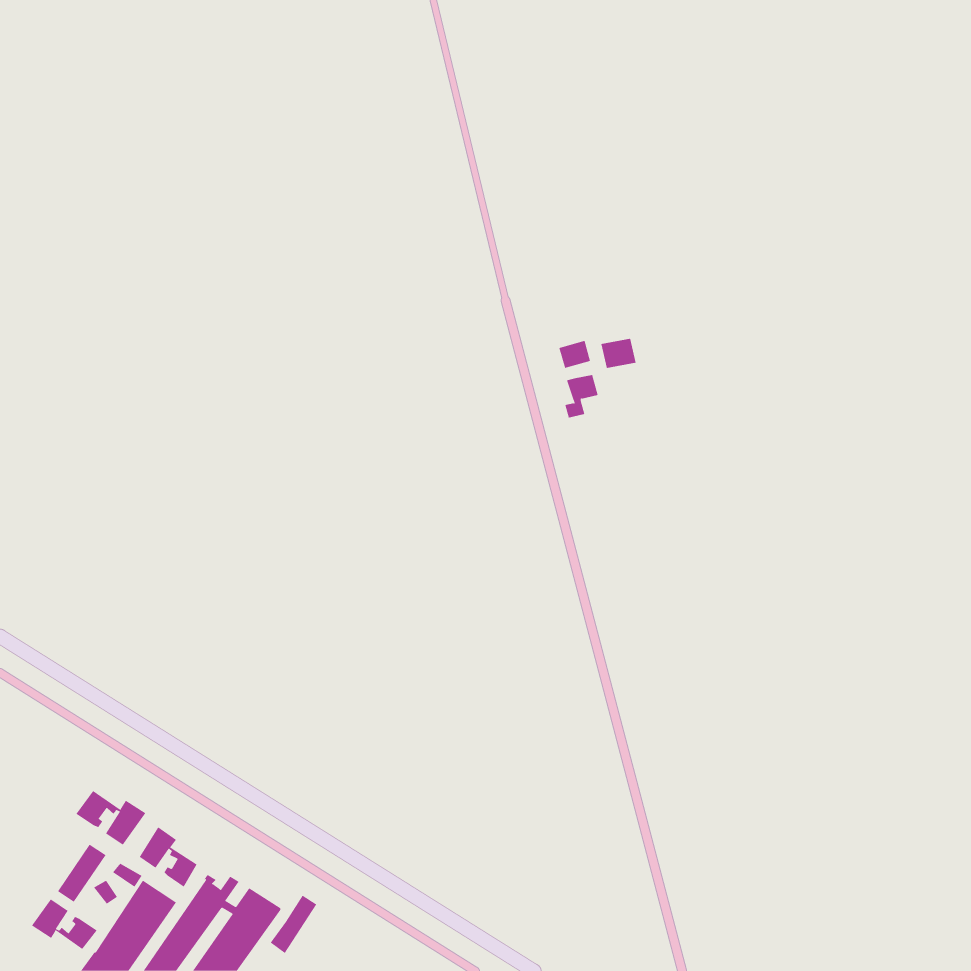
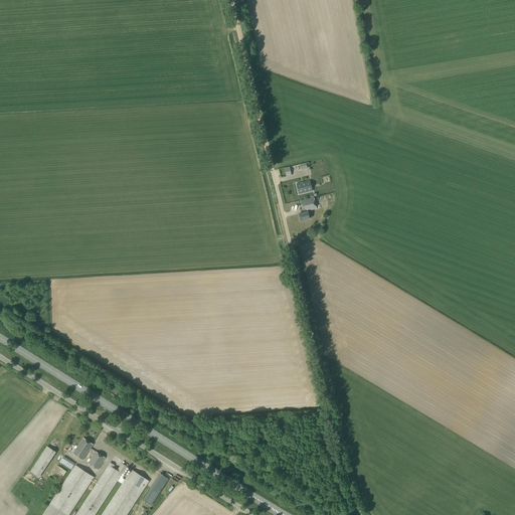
building: [75,790,146,846] -> none
building: [31,899,97,950] -> none

